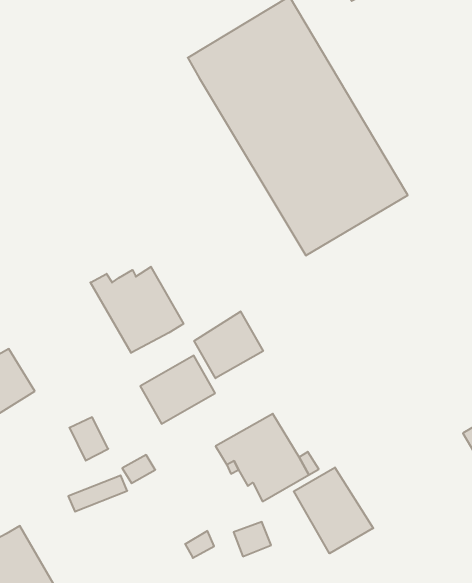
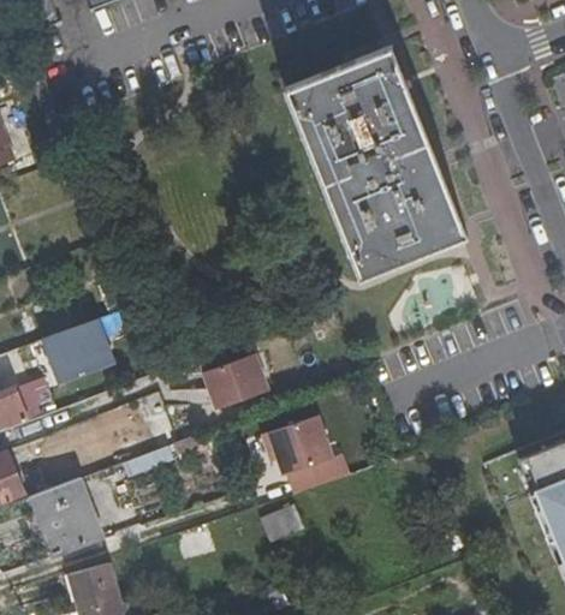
building: [90,267,183,353] -> none
building: [194,311,263,378] -> none
building: [294,467,373,553] -> none

